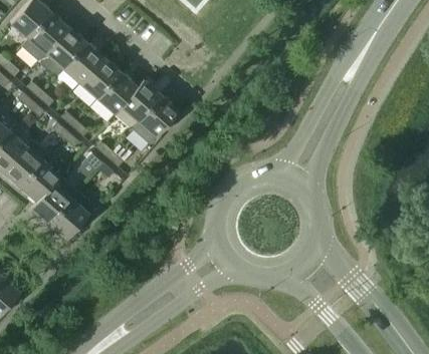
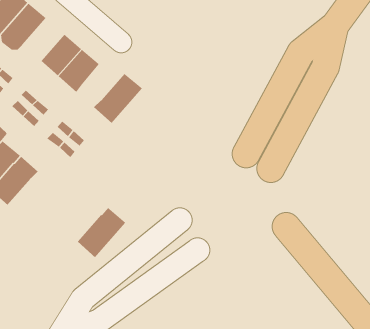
building: [62,43,102,84] -> none
building: [121,80,161,122] -> none
building: [47,192,95,241] -> [77,207,126,258]

